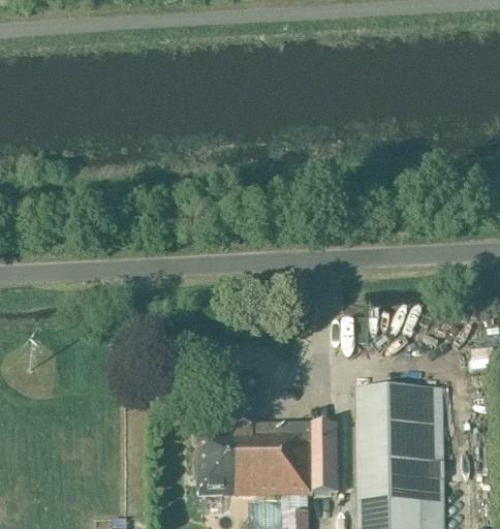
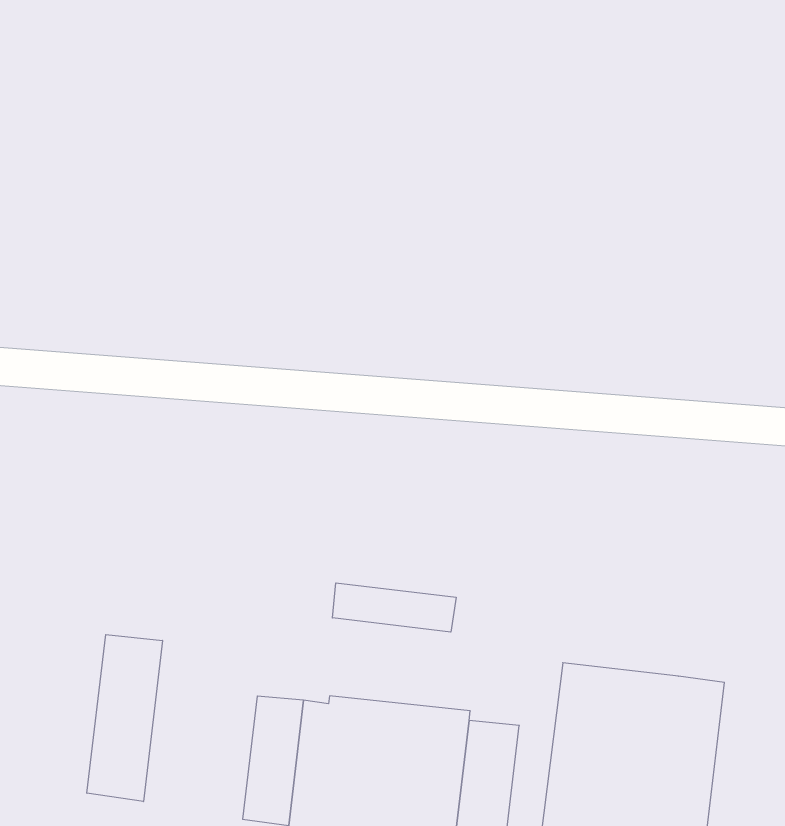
building: none -> [332,583,456,632]
building: none -> [87,635,162,802]

